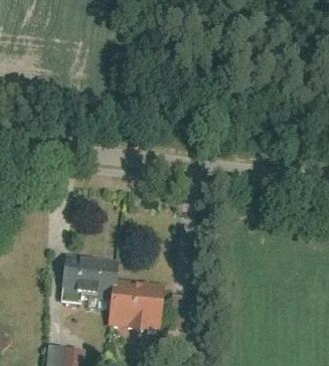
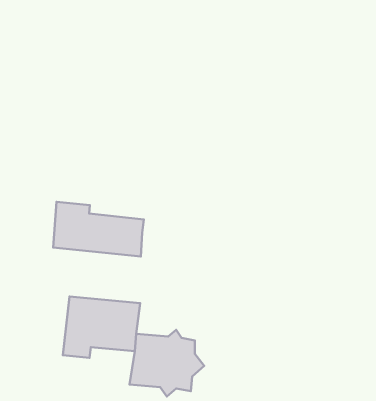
building: none -> [53,202,144,257]

